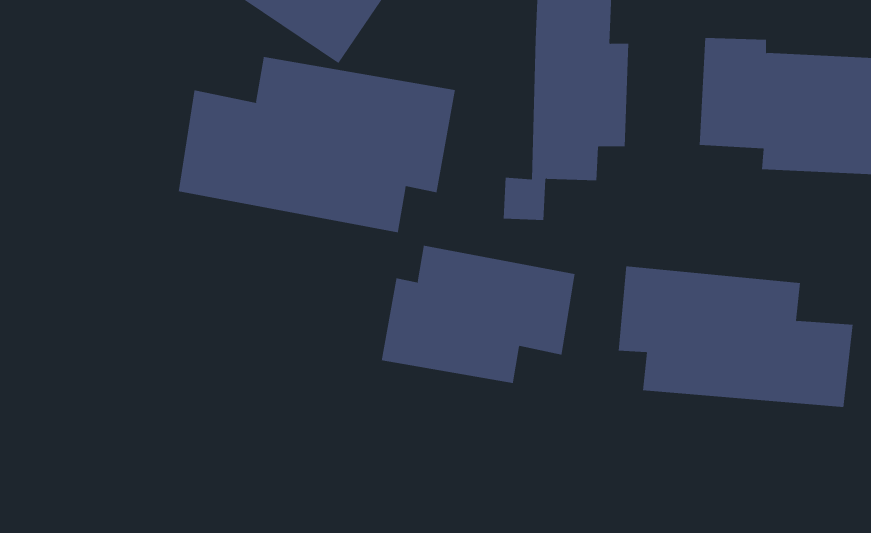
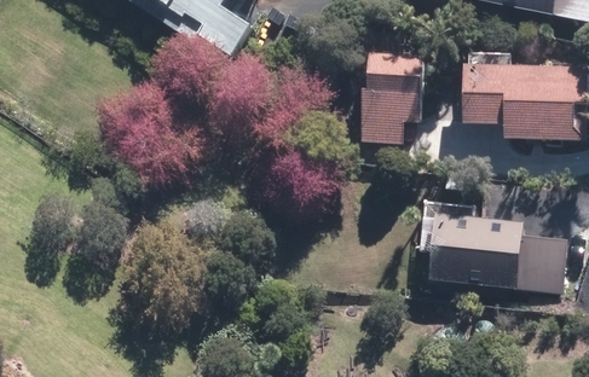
building: [178,56,456,233] -> none
building: [381,245,575,384] -> none

